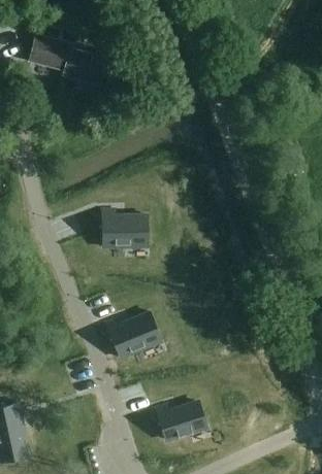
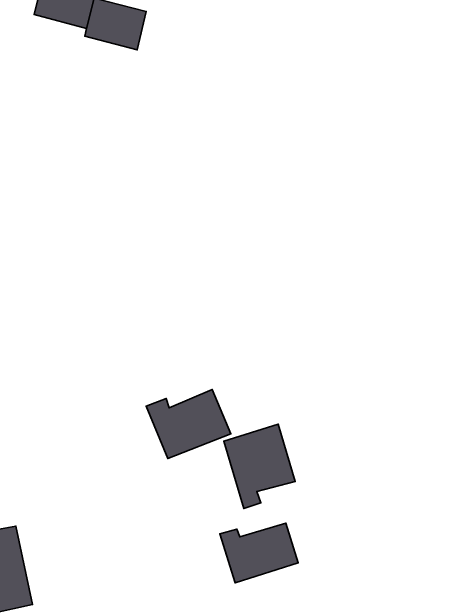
building: [102,209,148,247] -> none
building: none -> [224,424,295,508]

